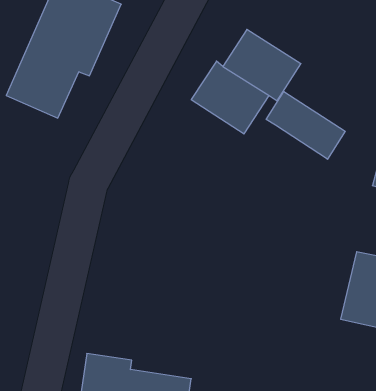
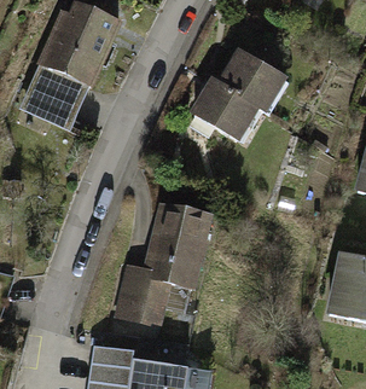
building: [266,91,345,159] -> none
building: none -> [111,204,214,327]

